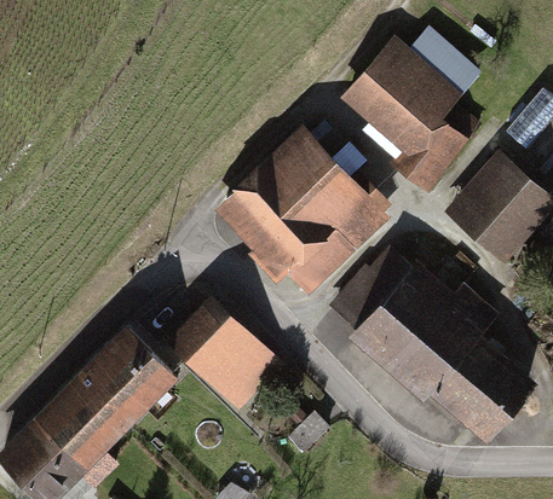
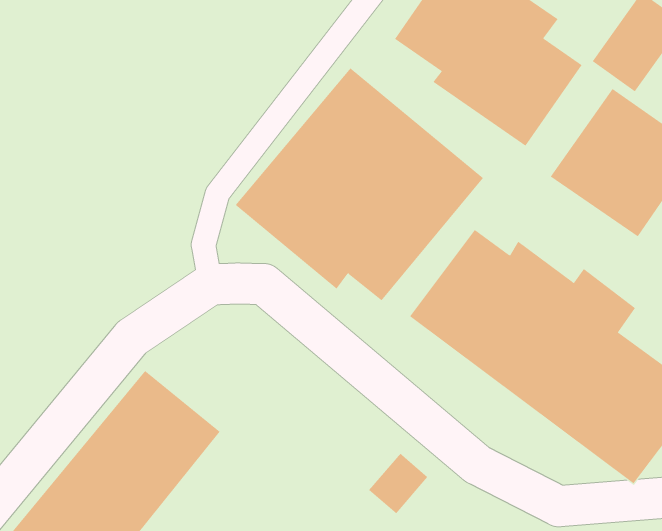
building: [167,295,284,413] -> none

